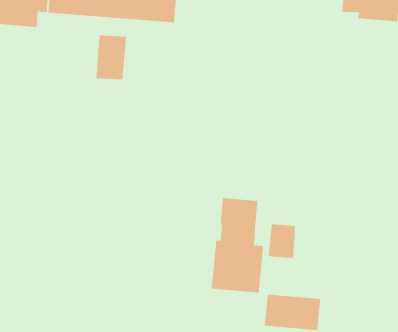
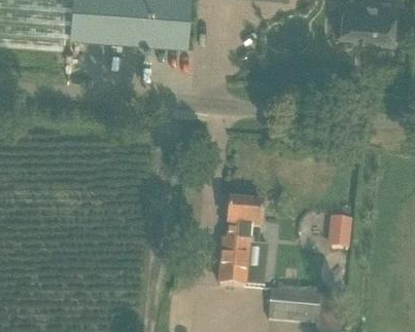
building: [96,35,127,80] -> none
building: [268,224,296,259] -> [322,213,348,245]

